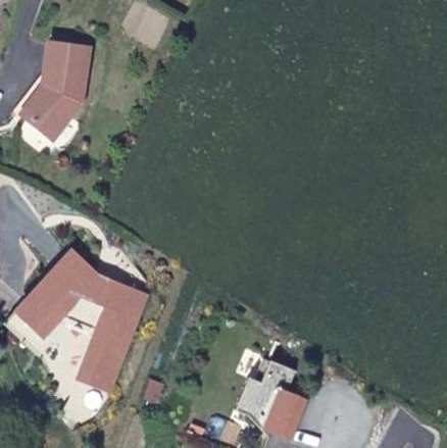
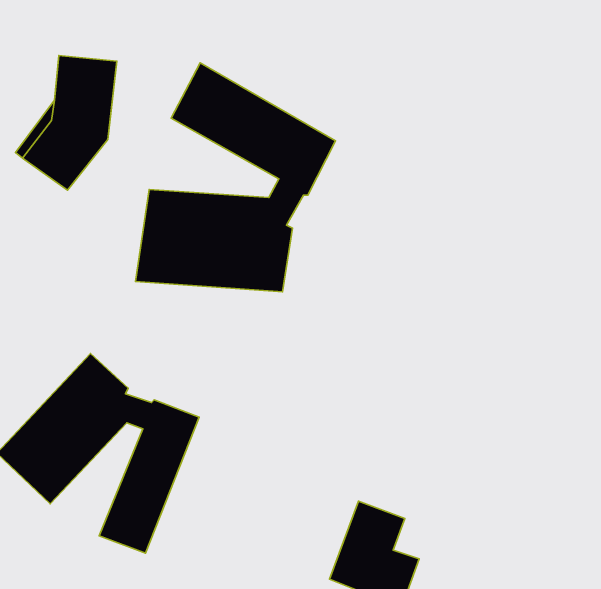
building: none -> [135,63,336,292]

